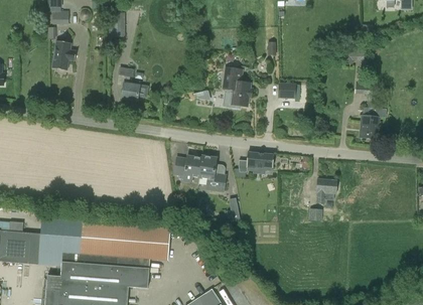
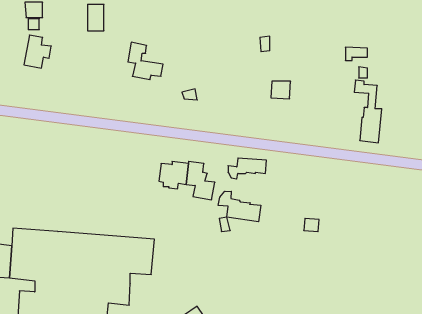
building: [116,66,148,101] -> [128,42,163,80]
building: [222,67,252,107] -> none
building: [315,179,336,203] -> none
building: none -> [218,191,261,222]

